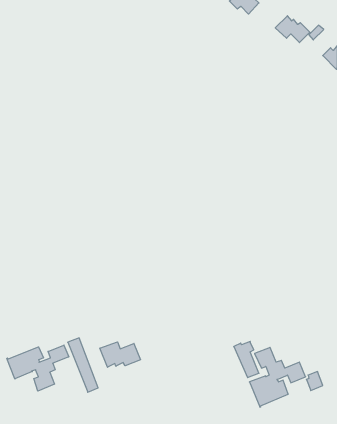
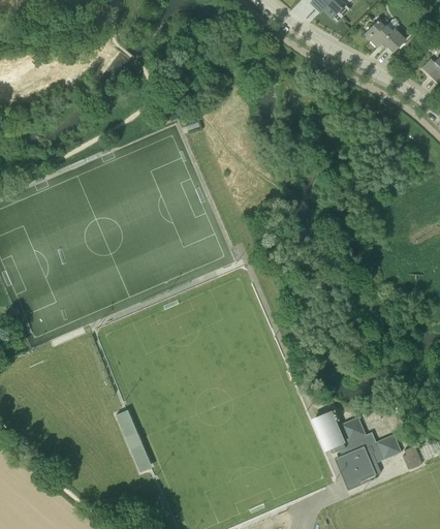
building: [100,342,140,367] -> none
building: [7,345,69,391] -> none

